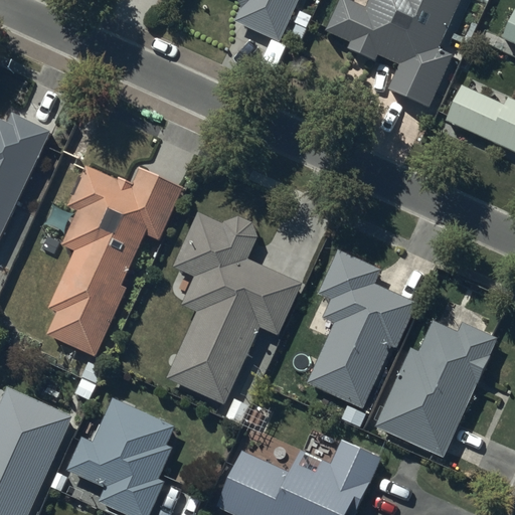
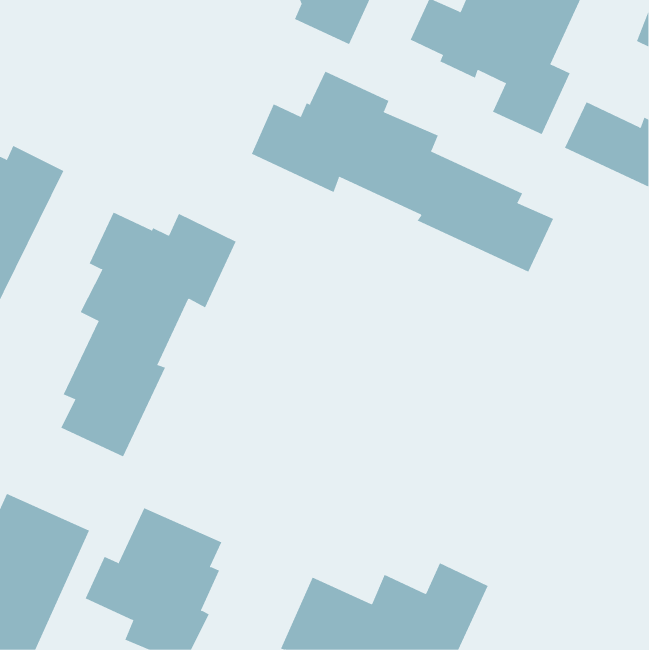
building: none -> [251,71,554,273]
building: [165,211,302,404] -> none
building: [305,250,416,408] -> none
building: [380,322,500,457] -> none

